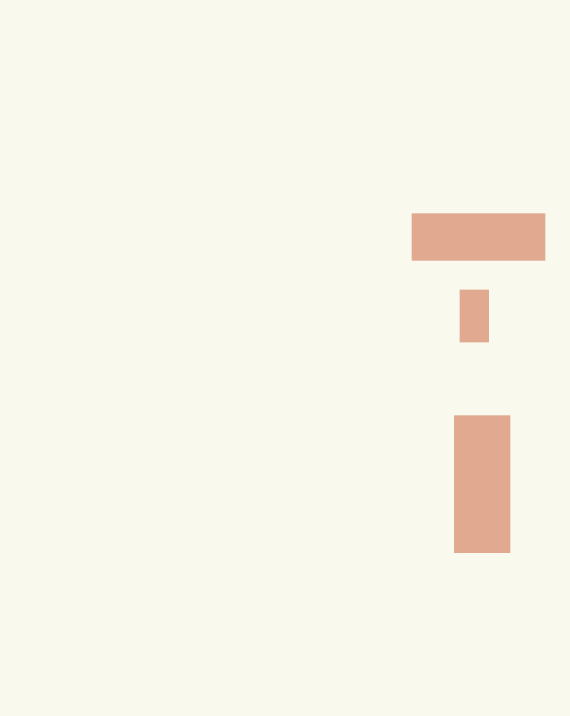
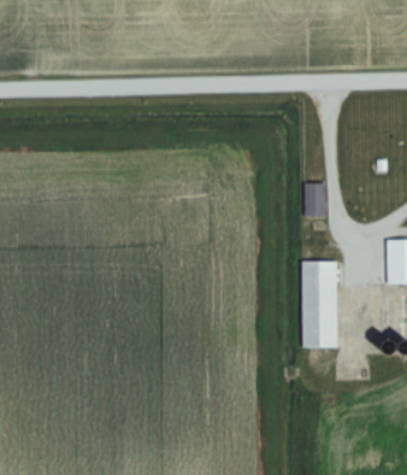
building: [411,213,546,261] -> none

